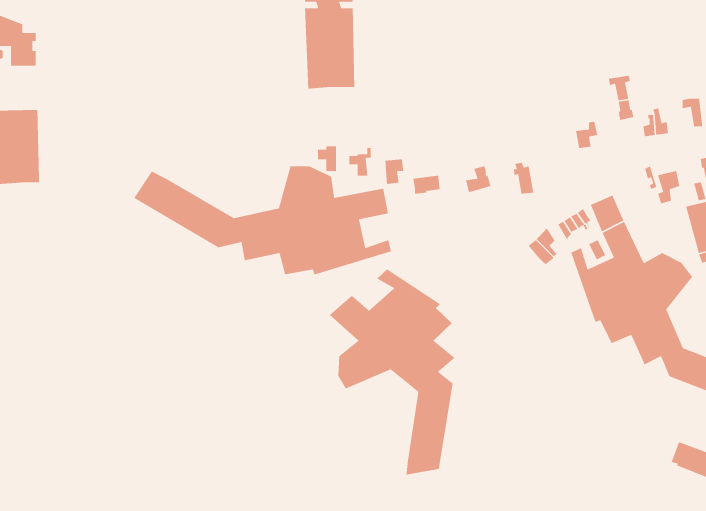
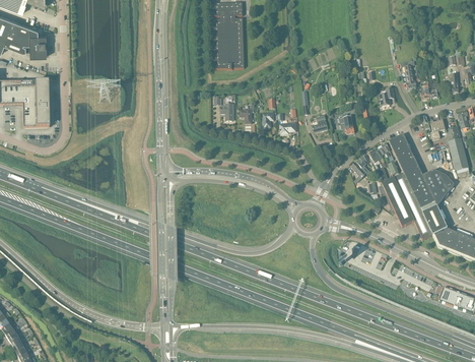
building: [133,166,392,275] -> none
building: [329,269,456,476] -> none

